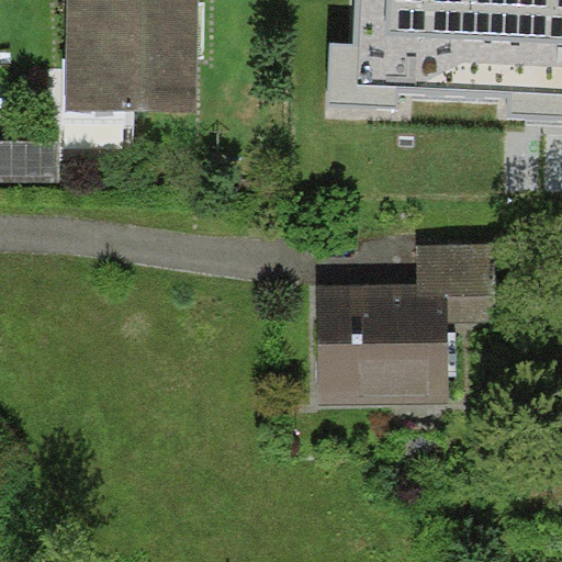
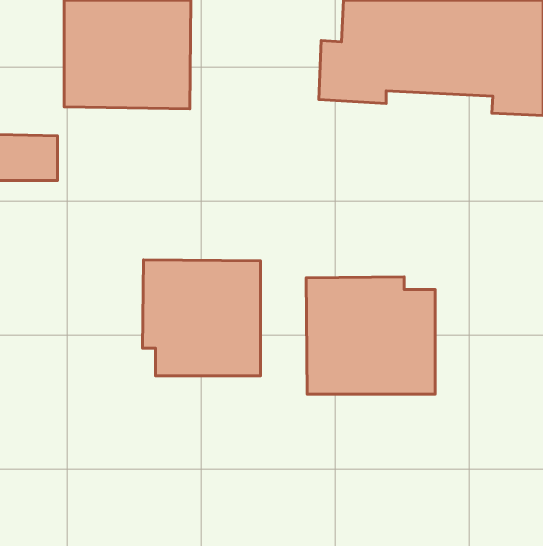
building: [416,245,494,323] -> none
building: none -> [142,260,261,376]

